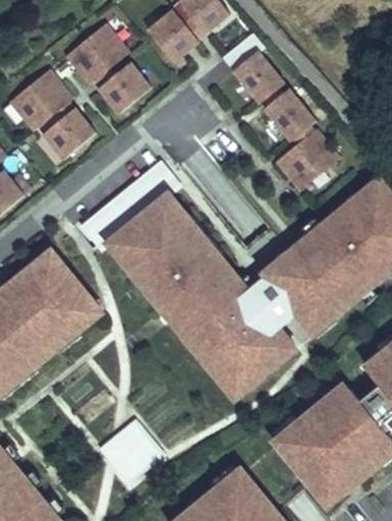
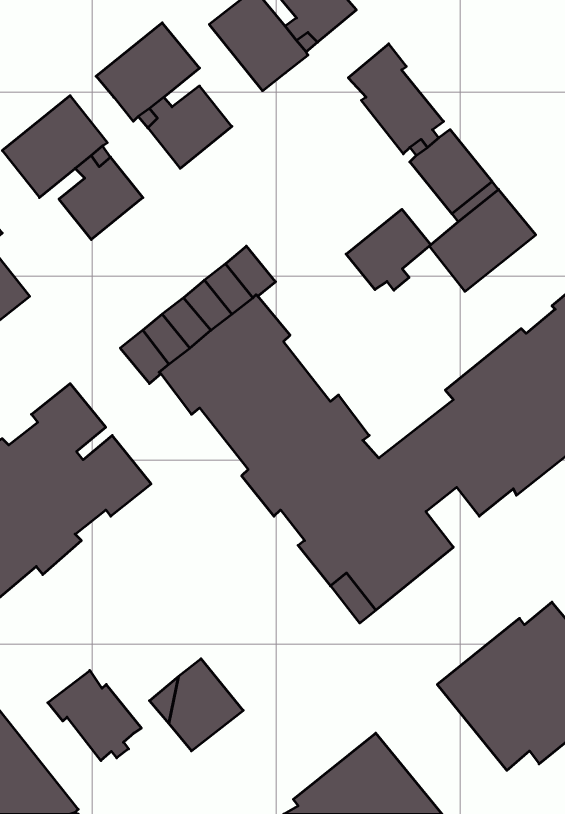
building: none -> [346,209,431,290]
building: none -> [48,670,141,761]

